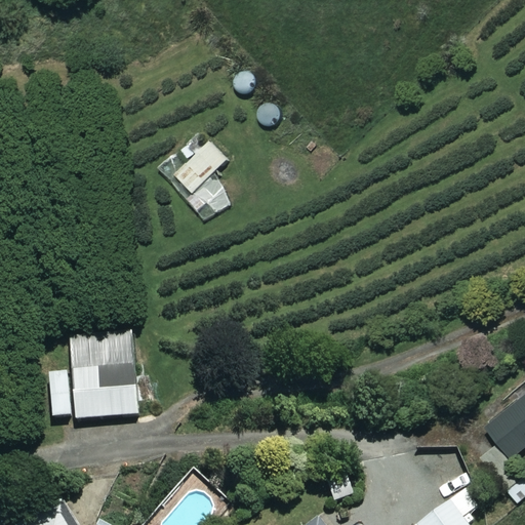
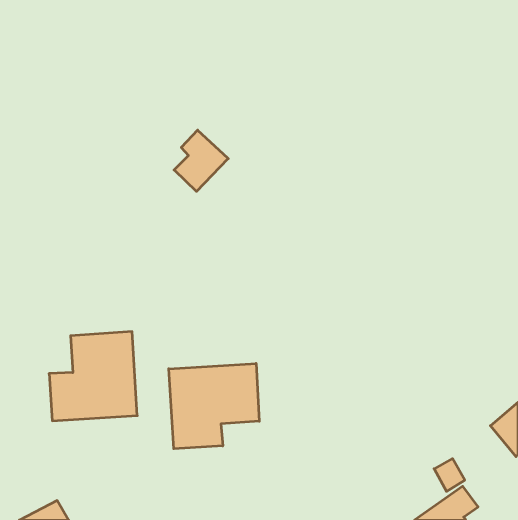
building: none -> [169,363,259,449]

